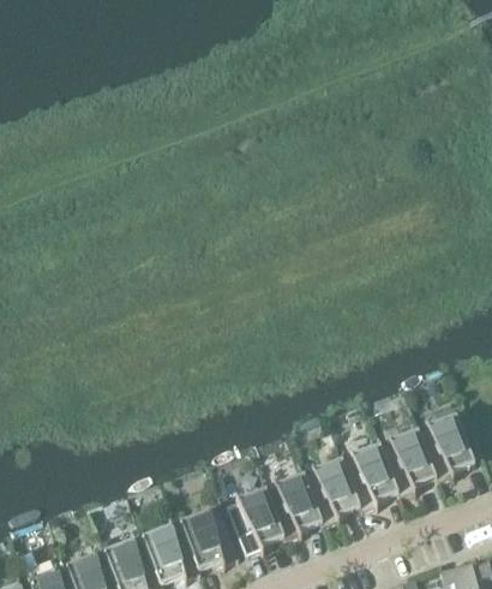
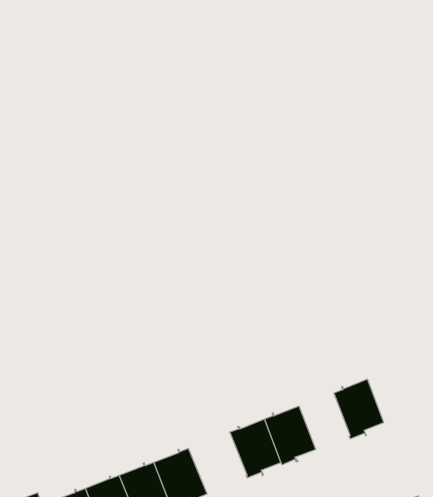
building: [415,416,473,481] -> none
building: [340,446,396,511] -> none
building: [224,489,282,554] -> none

